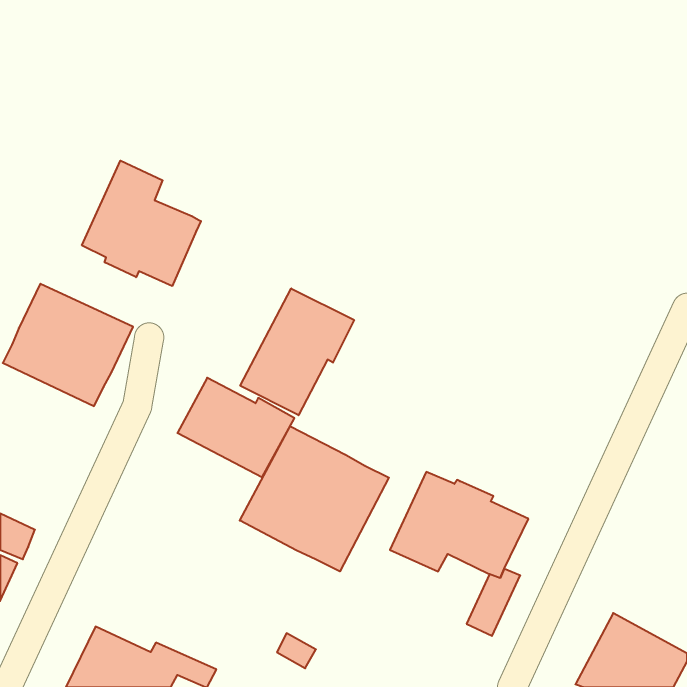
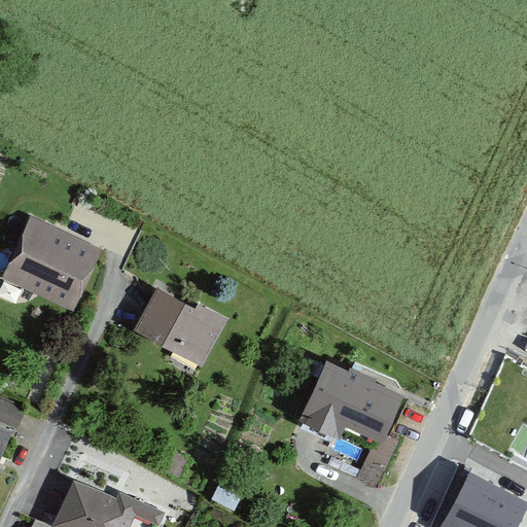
building: [82,161,201,286] -> none
building: [240,288,354,415] -> none
building: [240,426,389,571] -> none

